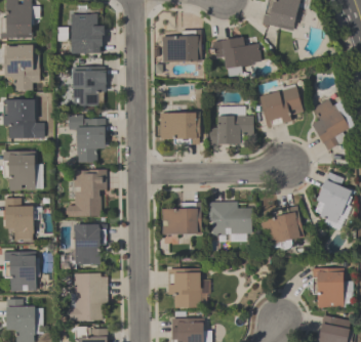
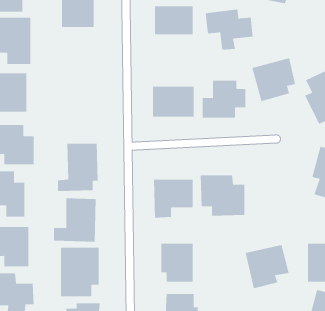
building: [72,69,106,106] -> none
building: [68,115,106,163] -> none
building: [260,208,305,252] -> [245,244,289,289]

